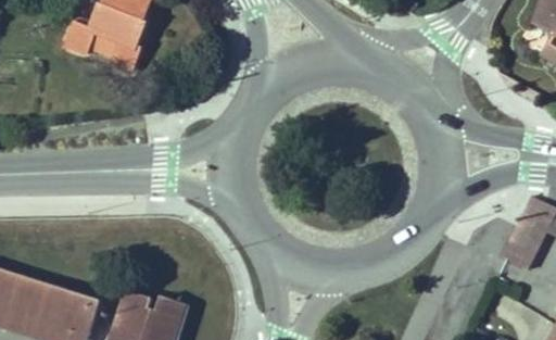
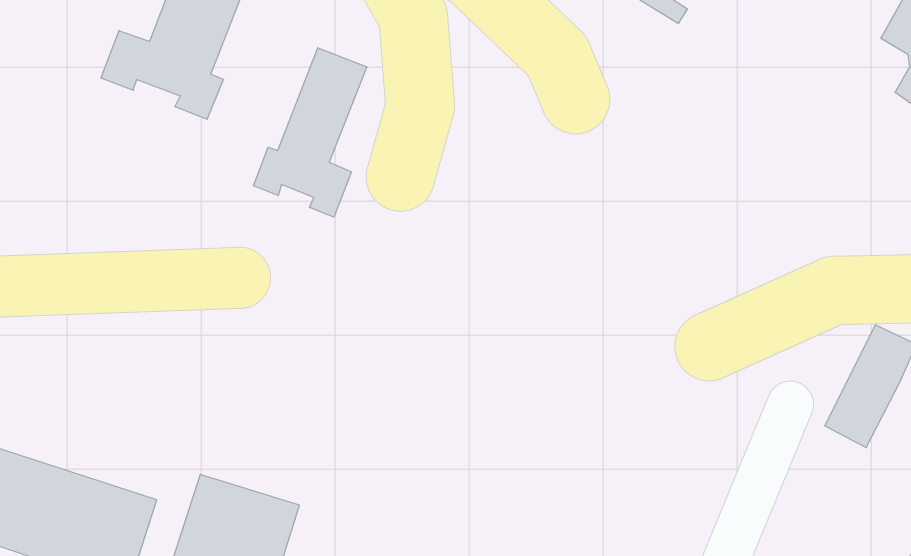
building: none -> [254,48,367,217]

